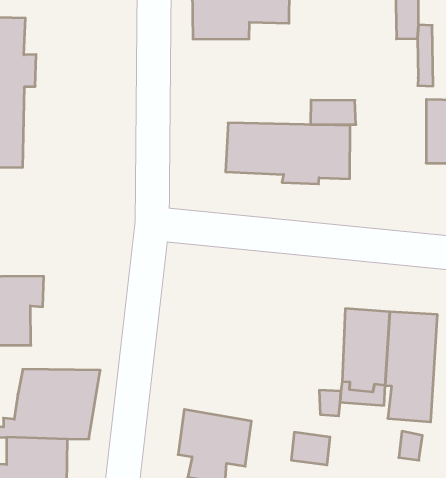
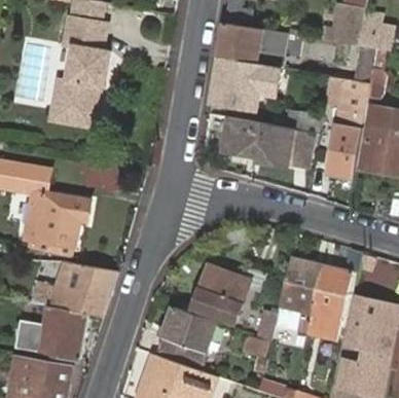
building: none -> [325,76,369,109]
building: none -> [209,58,282,110]
building: none -> [326,124,361,180]
building: none -> [191,263,250,324]

